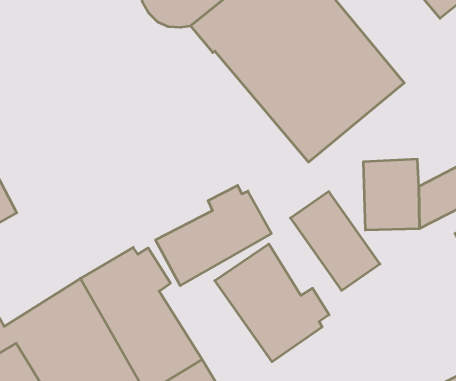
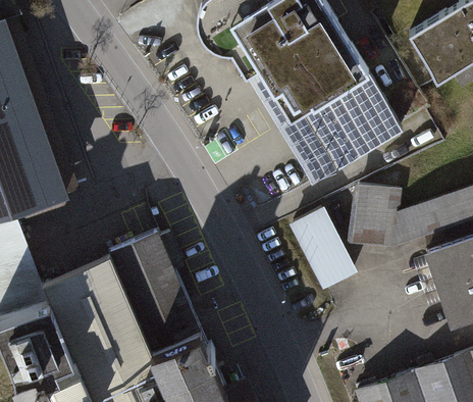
building: [156,185,271,286] -> none
building: [215,244,329,362] -> none

